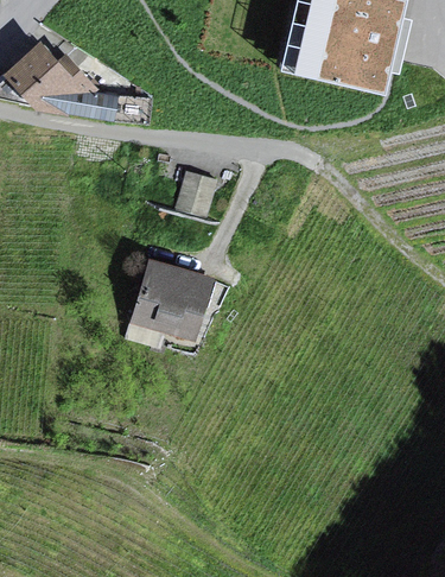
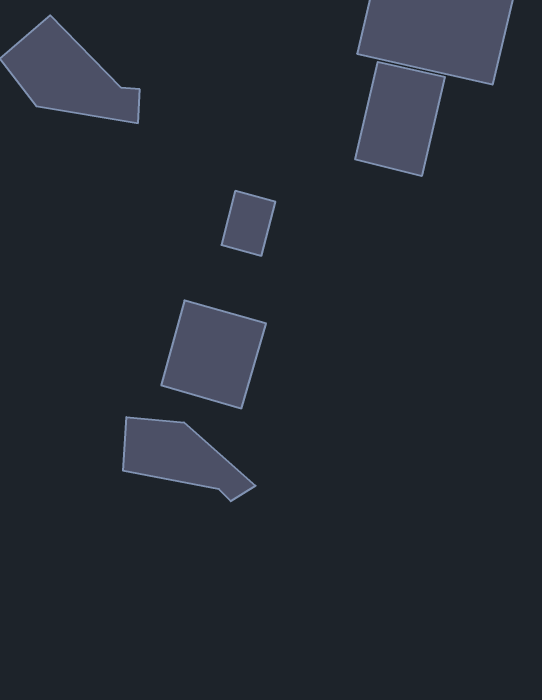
building: none -> [355,62,445,176]
building: none -> [123,417,256,501]

